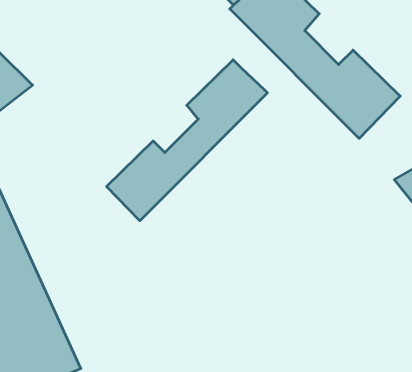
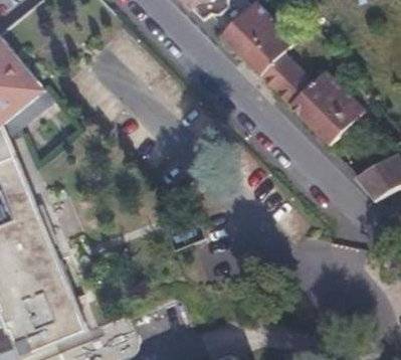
building: [107,60,267,221] -> none

